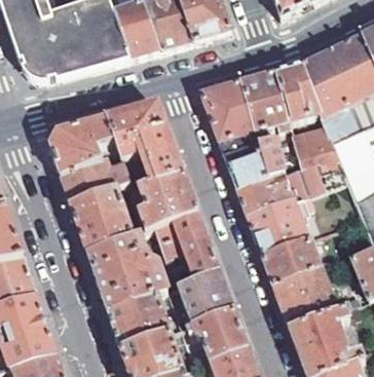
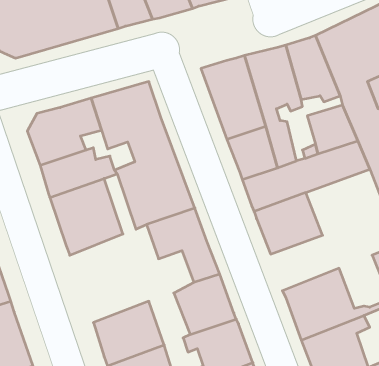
building: [88,233,167,312] -> none
building: [263,235,323,285] -> none

